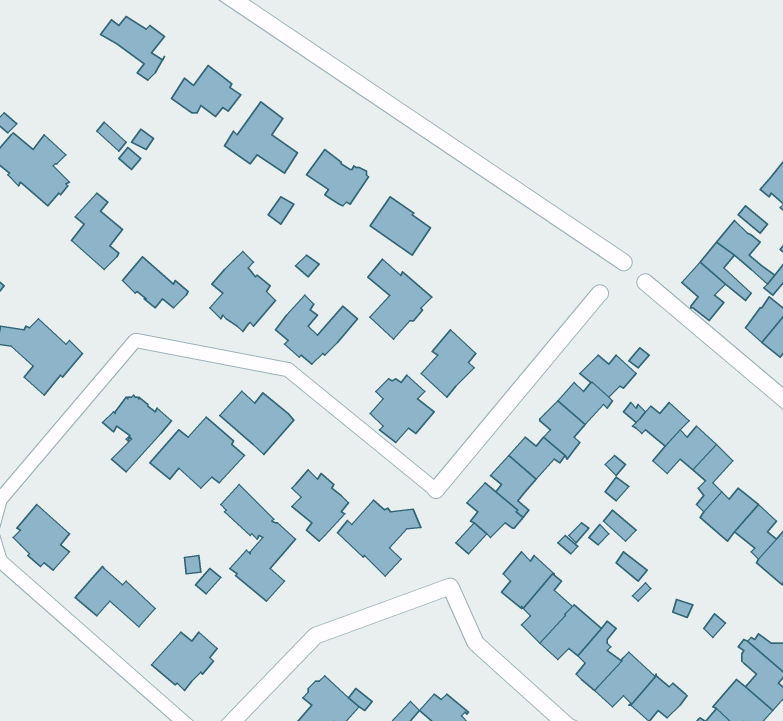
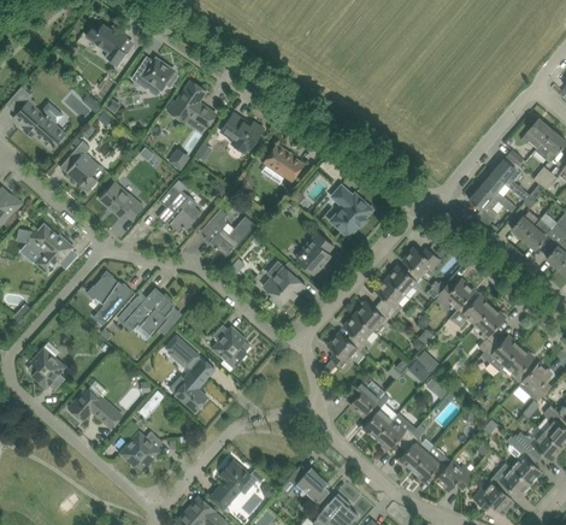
building: [368,259,432,339] -> [331,184,373,237]
building: [220,391,294,454] -> none
building: [338,500,421,576] -> none

